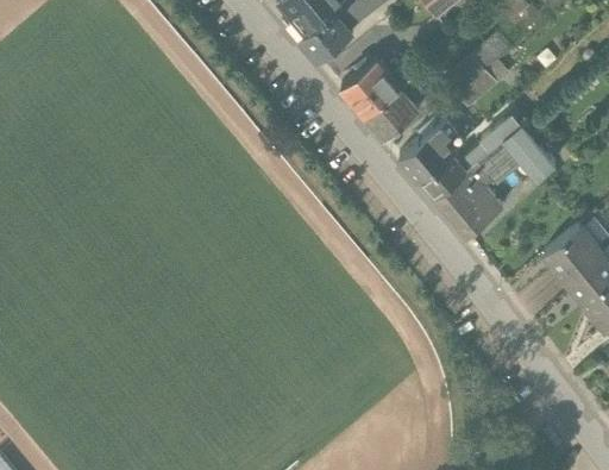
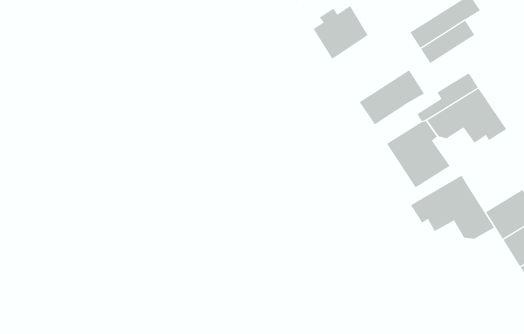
building: [365,79,423,140] -> none
building: [417,152,465,198] -> none
building: none -> [410,175,495,239]

